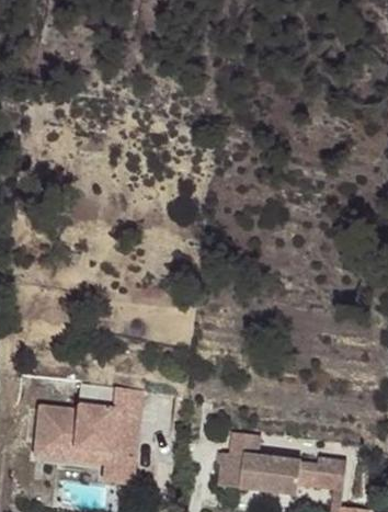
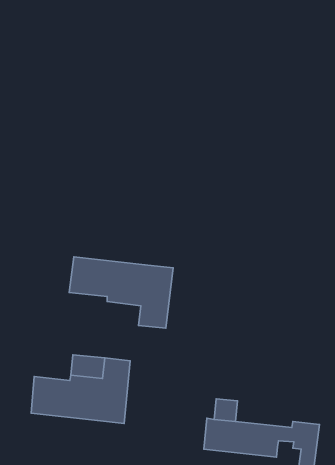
building: none -> [69,257,173,328]
building: [34,444,135,482] -> none

